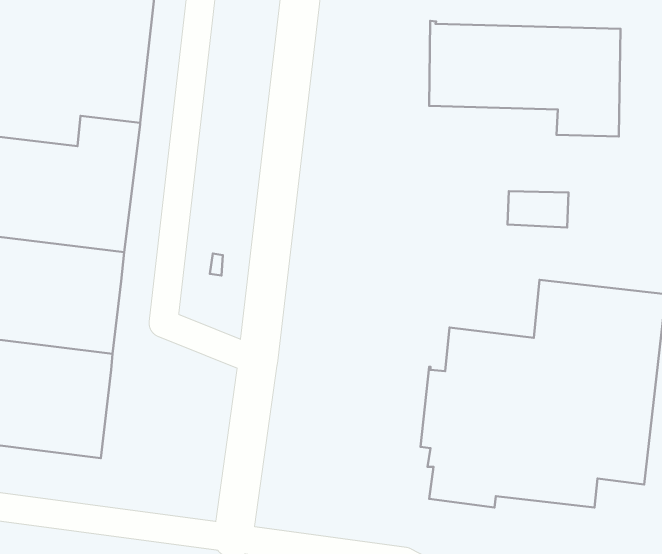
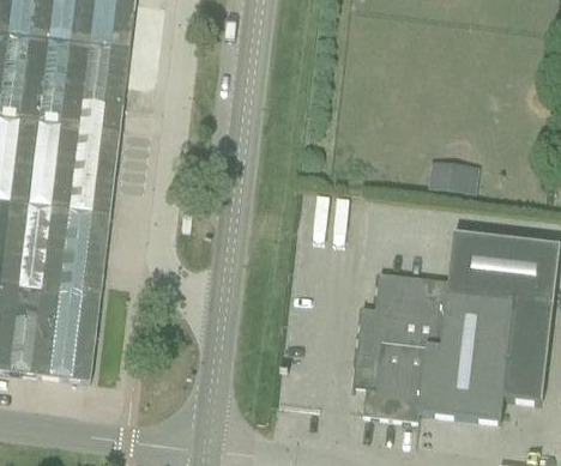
building: [429,21,621,137] -> none

